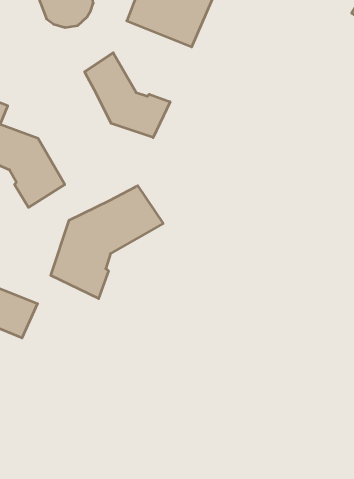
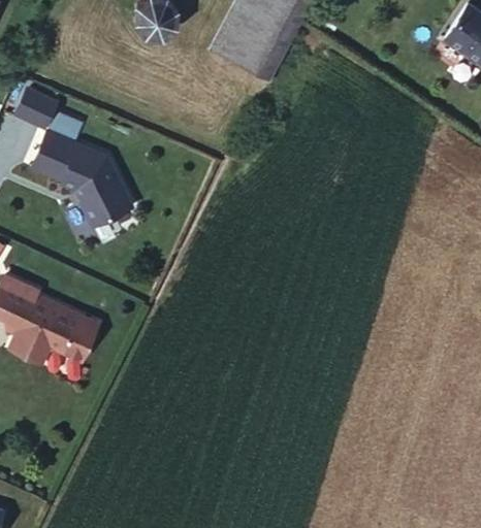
building: [85,53,170,138] -> none
building: [51,186,163,299] -> none

